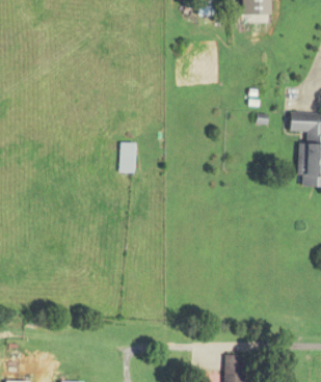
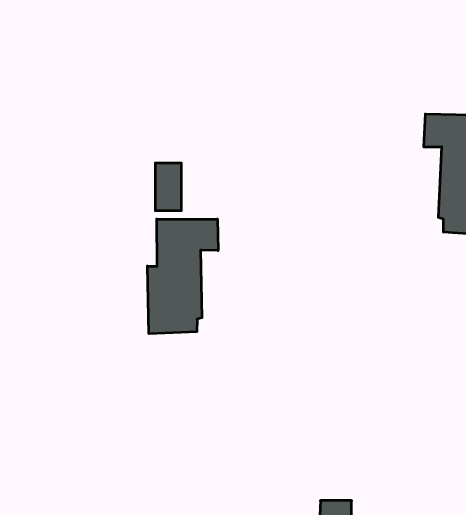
building: none -> [147,219,218,334]

